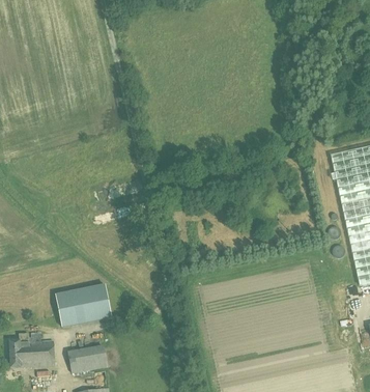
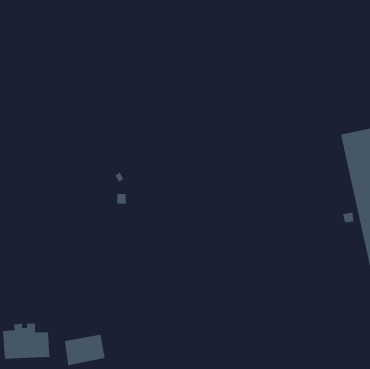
building: [56,284,111,327] -> none

